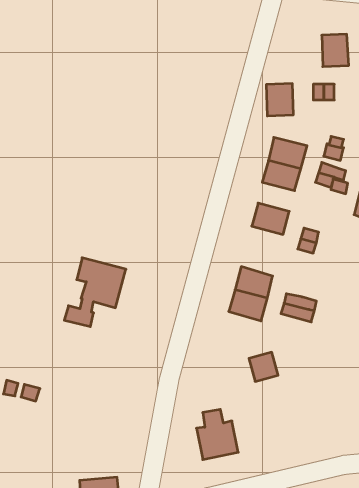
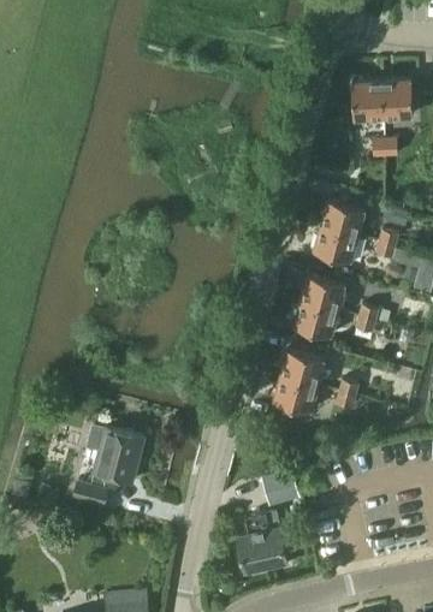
building: [266,84,293,116] -> [352,83,384,120]
building: none -> [295,303,338,338]
building: [64,258,126,327] -> [73,424,144,504]
building: [249,352,278,381] -> [263,473,297,506]

